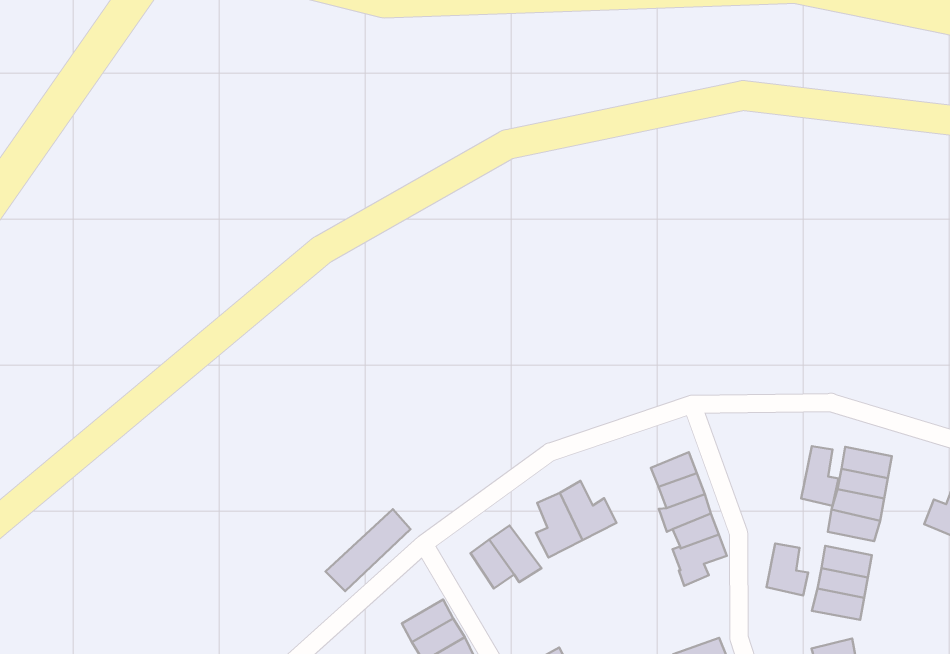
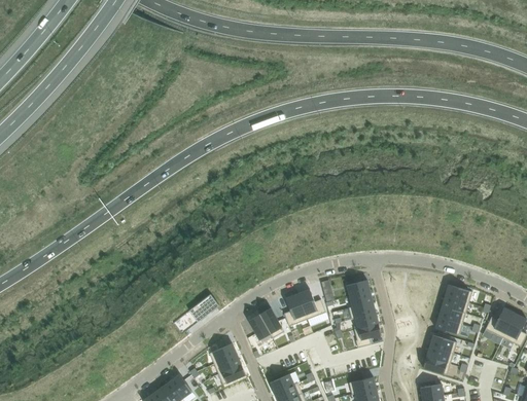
building: [801,446,839,506] -> none
building: [767,543,808,595] -> none

